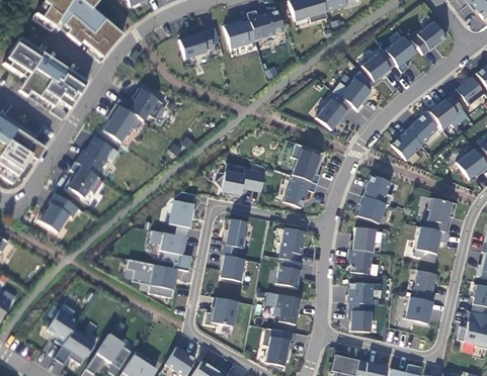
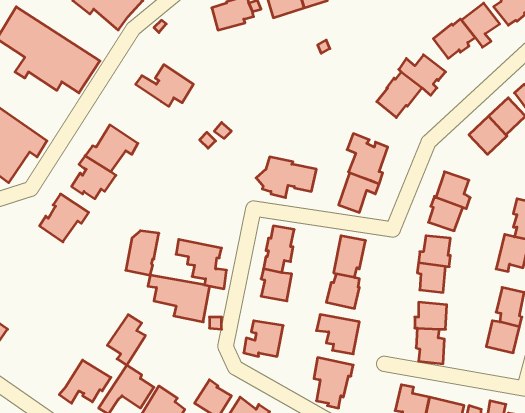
building: [103,103,140,143] -> none
building: [169,192,196,228] -> [126,231,159,275]
building: [43,310,74,352] -> [107,315,145,365]

